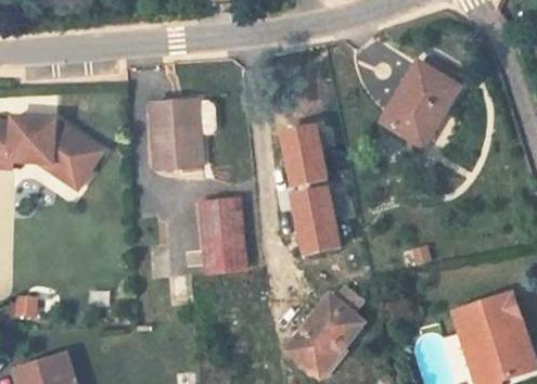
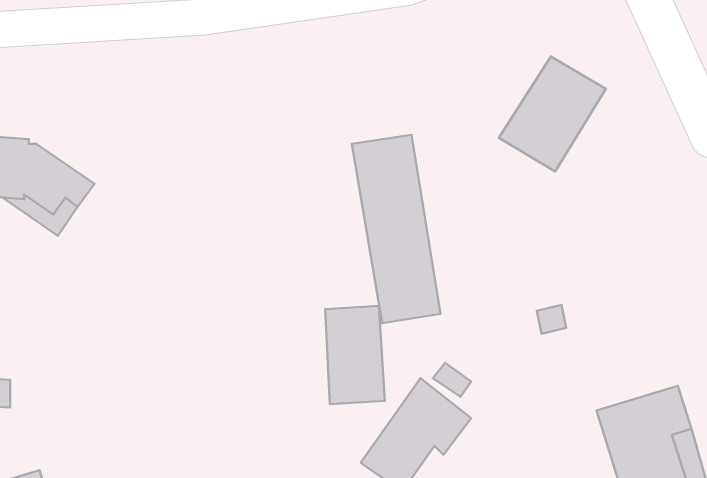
building: [159,103,221,170] -> none
building: [201,204,243,273] -> [325,306,385,404]

